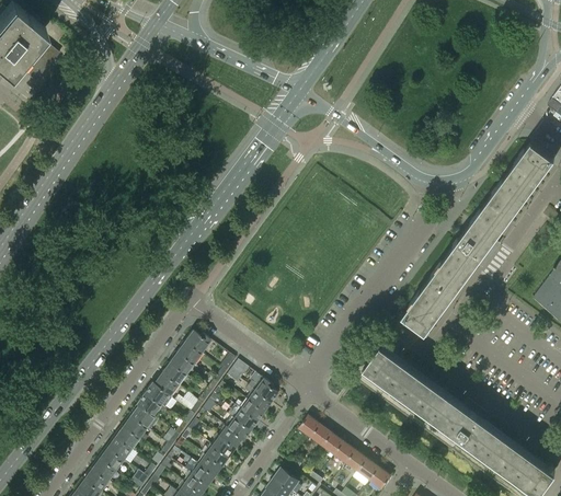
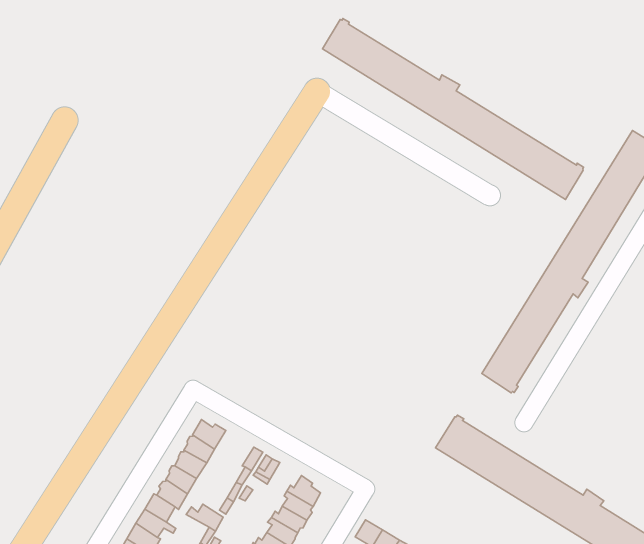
building: none -> [322,18,584,199]

